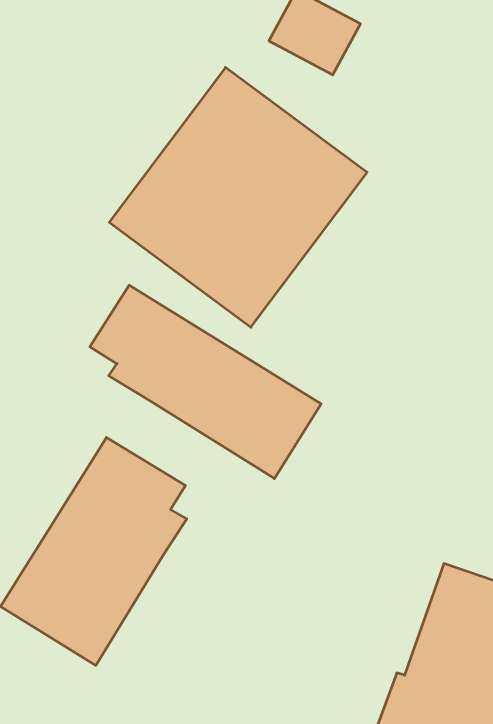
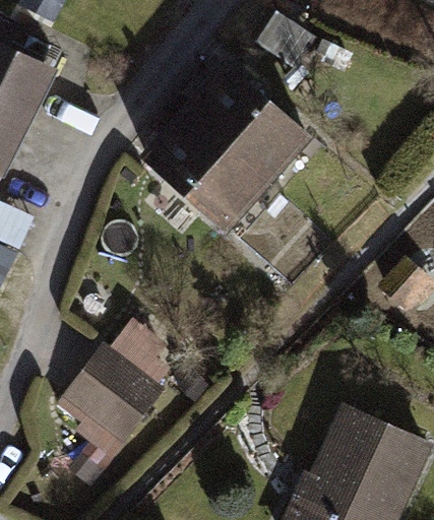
building: [90,285,321,479] -> none

